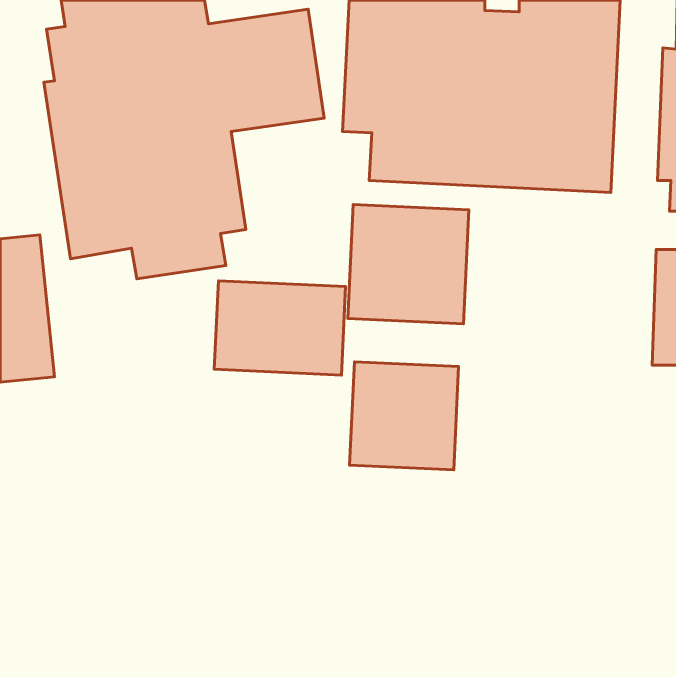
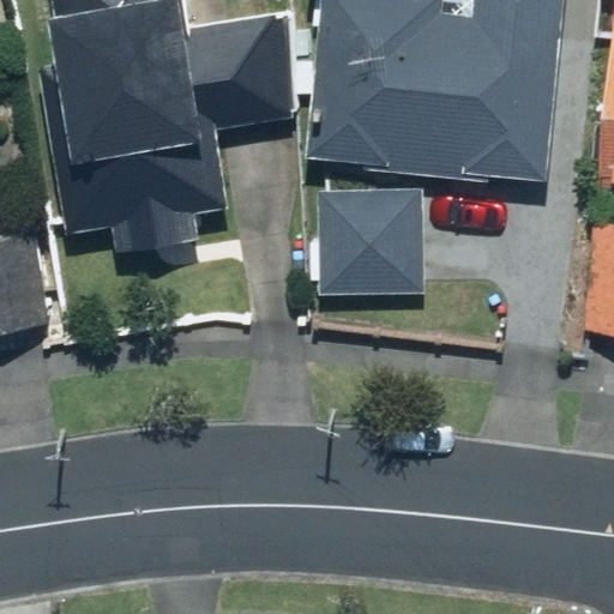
building: [214,281,345,375] -> none
building: [350,362,458,470] -> none

